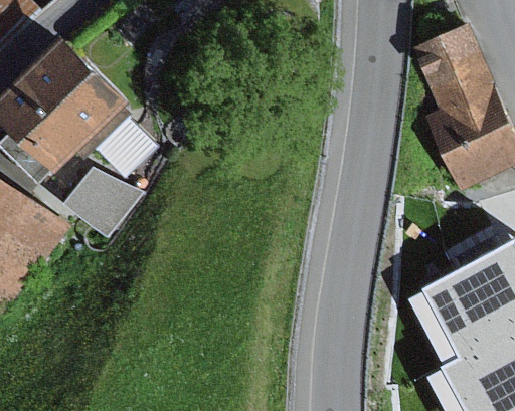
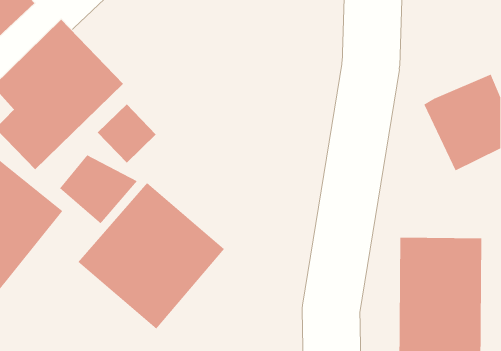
building: [414,25,501,117] -> none
building: none -> [78,182,225,329]

